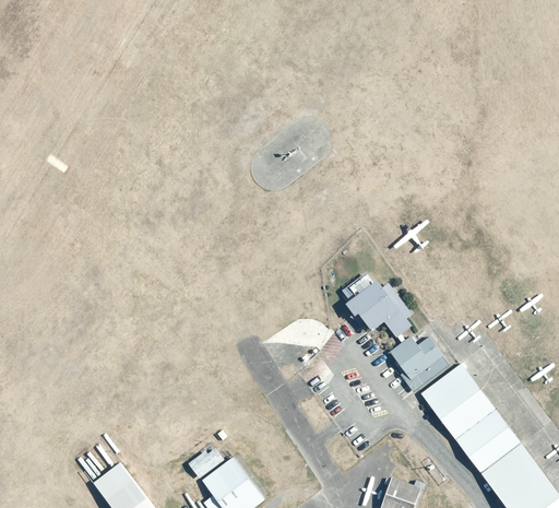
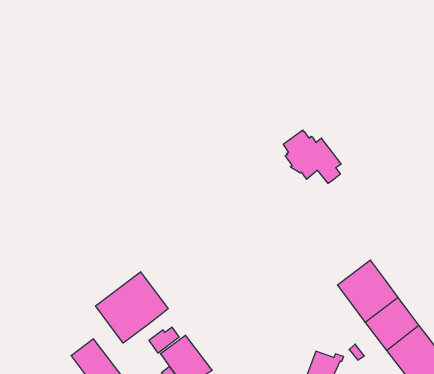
building: [342,273,413,339] -> [283,130,341,184]
building: [389,336,450,392] -> none
building: none -> [96,272,168,343]

